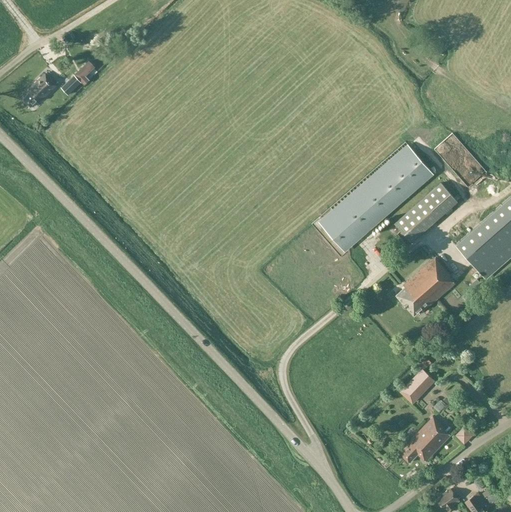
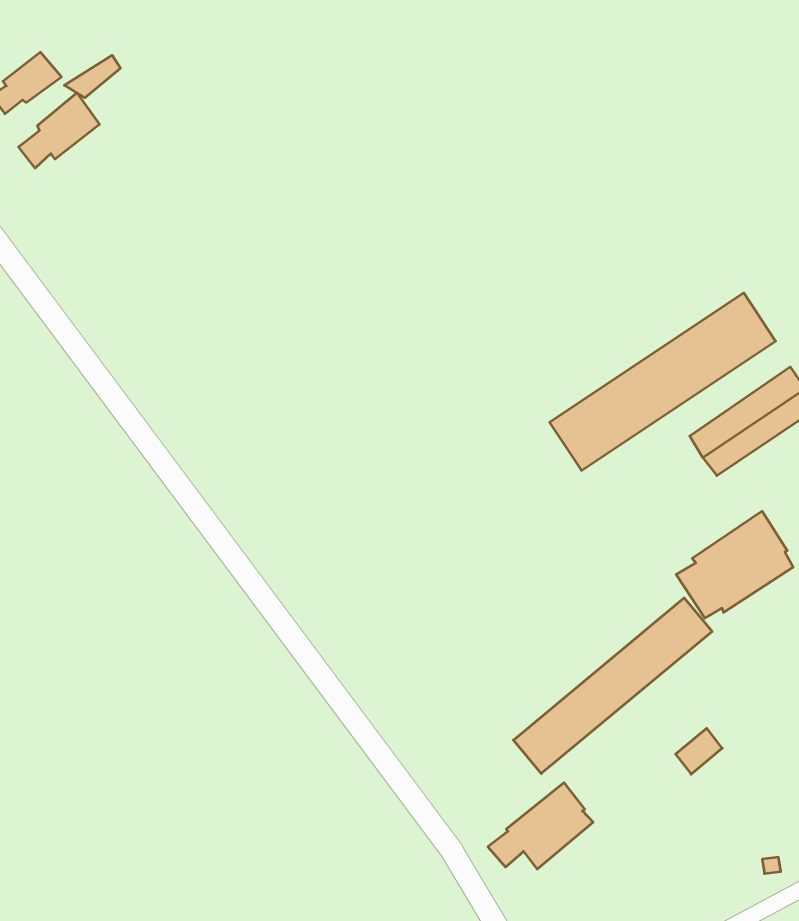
building: none -> [19,93,99,168]
building: none -> [513,598,712,774]
building: [400,417,451,463] -> [488,783,593,869]

